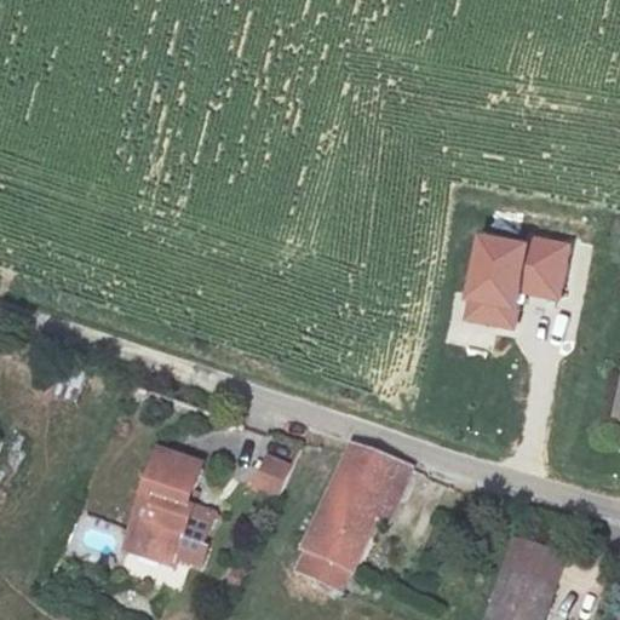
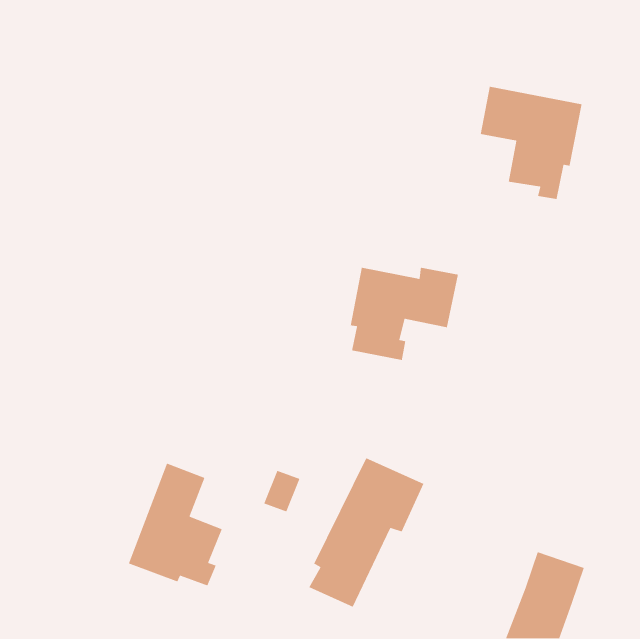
building: none -> [480,86,583,200]
building: [464,237,569,328] -> [350,267,459,361]

